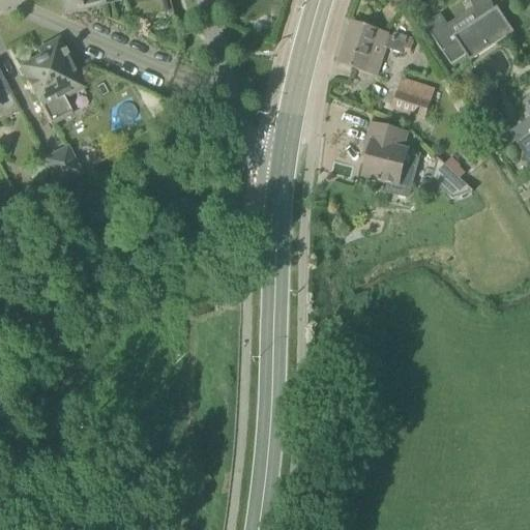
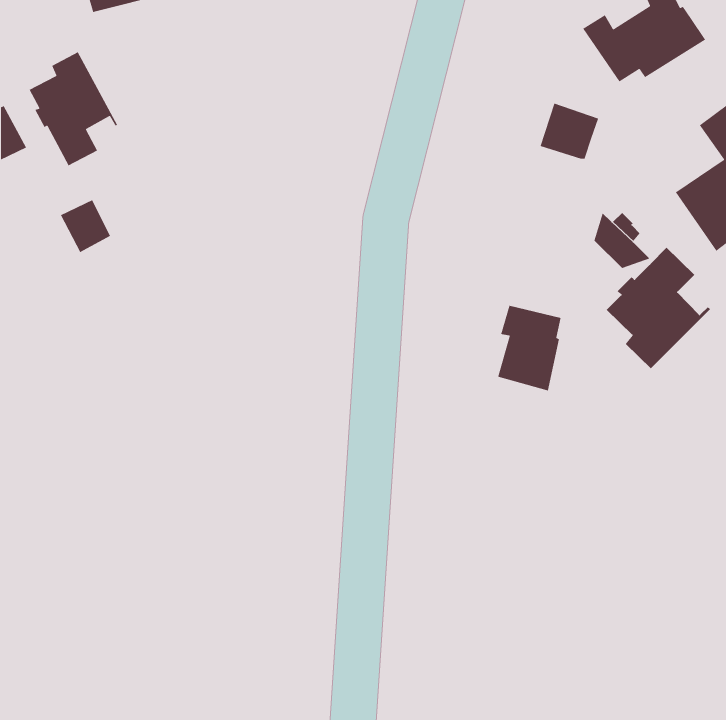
building: [340,18,414,73] -> none
building: [364,121,411,184] -> [497,305,561,392]
building: none -> [606,247,711,369]

